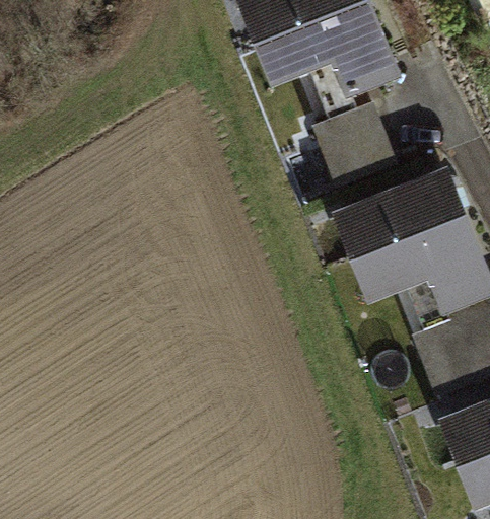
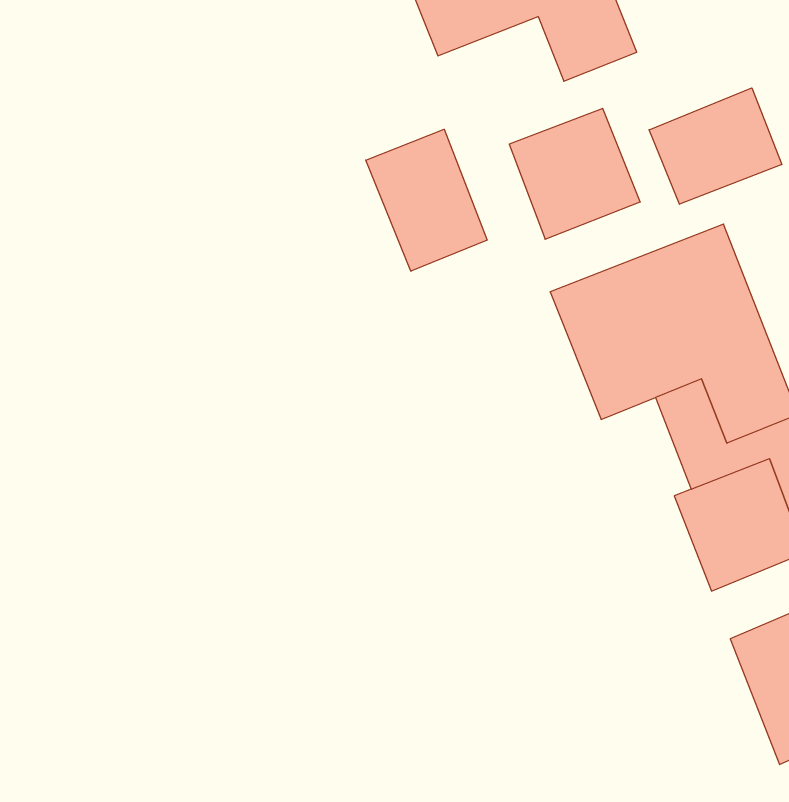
building: none -> [649,88,782,204]
building: none -> [366,129,487,271]

